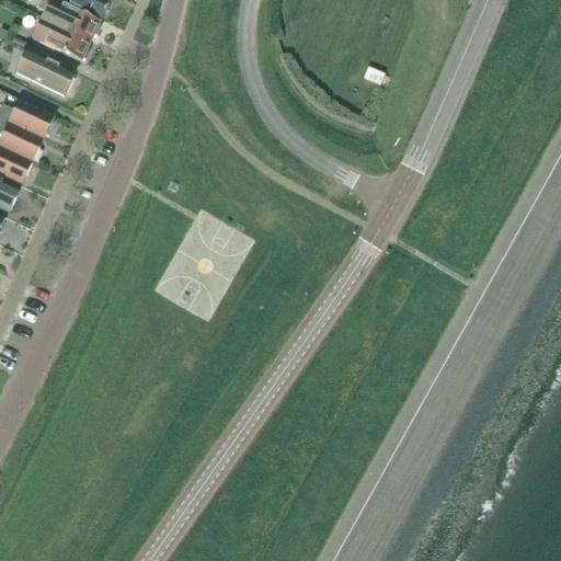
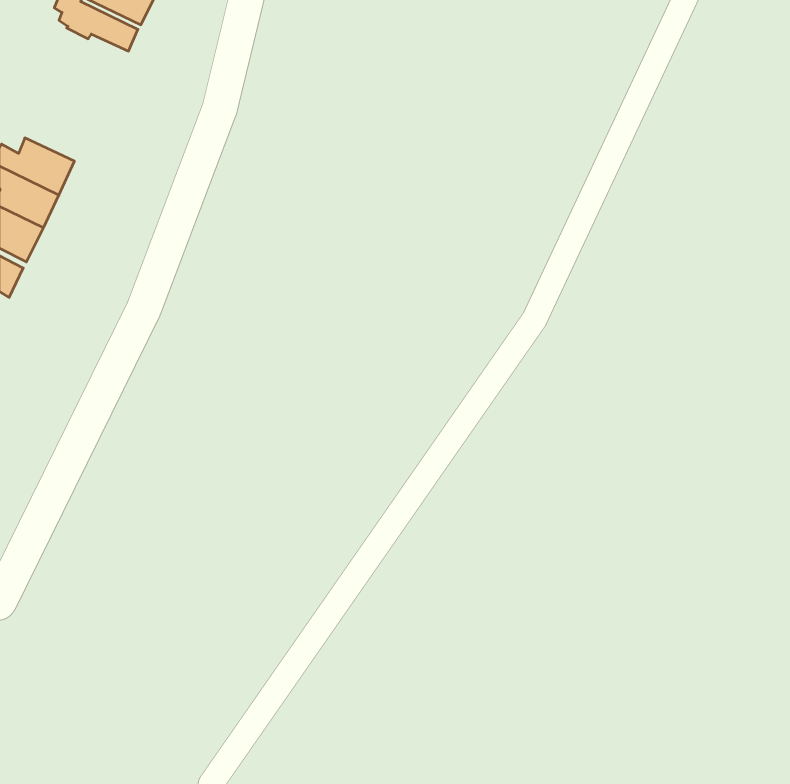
building: [31,14,91,59] -> none
building: [15,48,73,94] -> none

